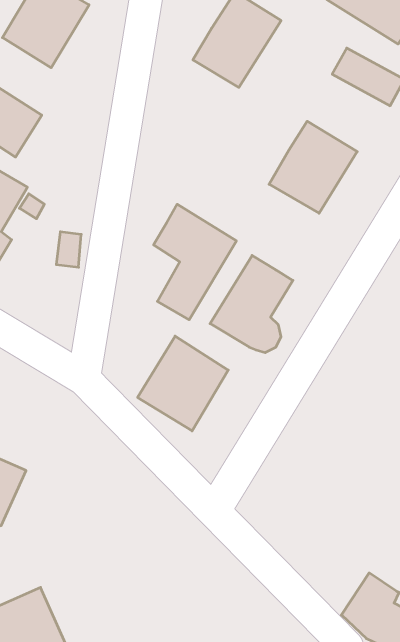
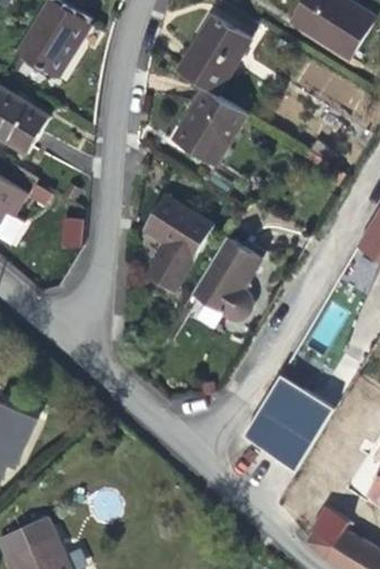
building: [269,121,357,213] -> [173,88,248,166]
building: [138,336,228,431] -> none
building: none -> [239,375,332,470]

